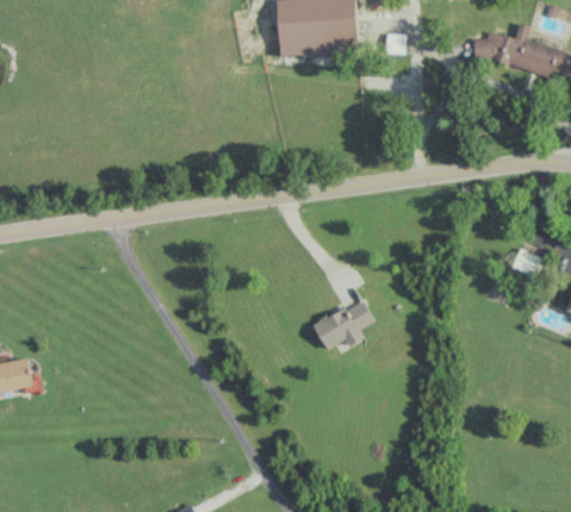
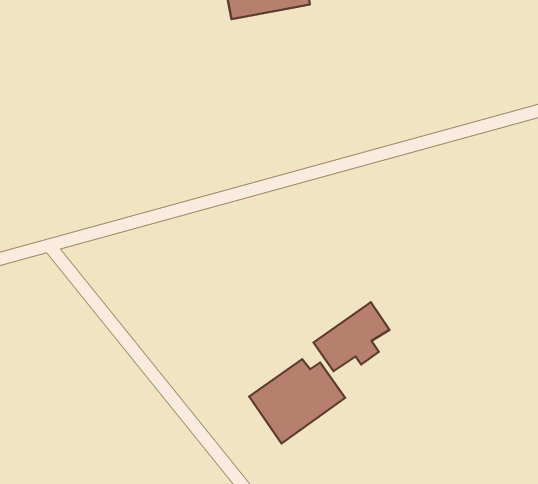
building: none -> [249,359,345,443]

